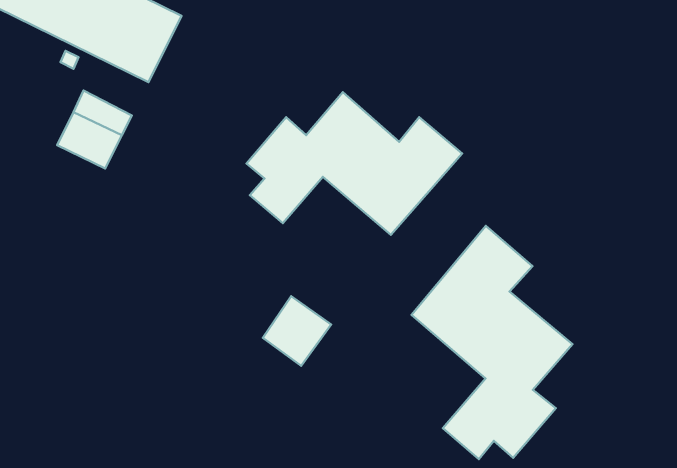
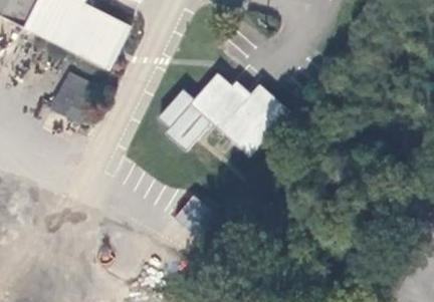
building: [411,226,573,459] -> none

